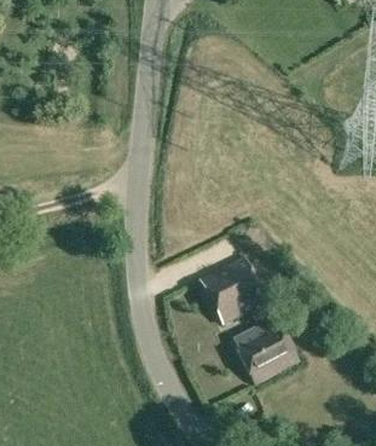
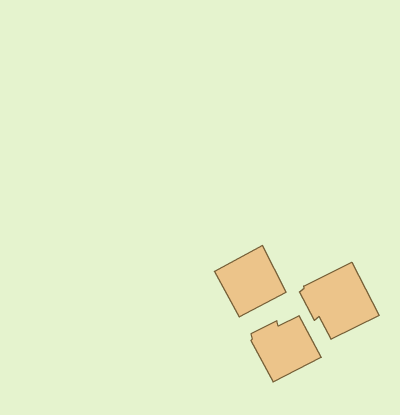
building: none -> [299,262,379,339]

